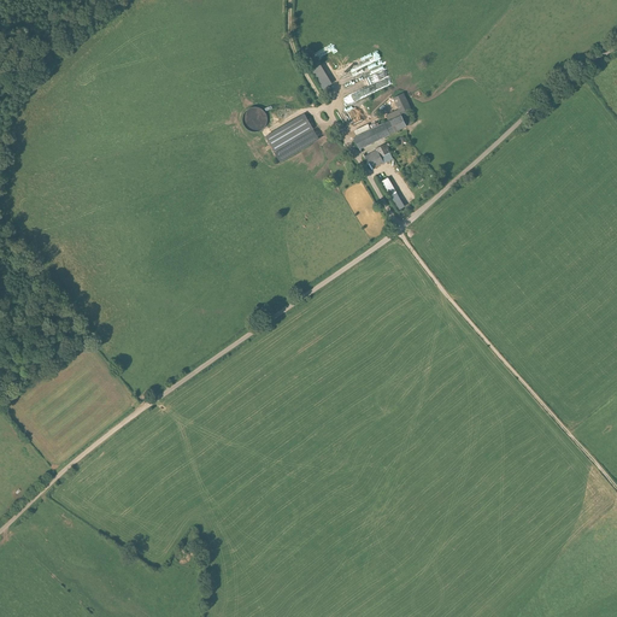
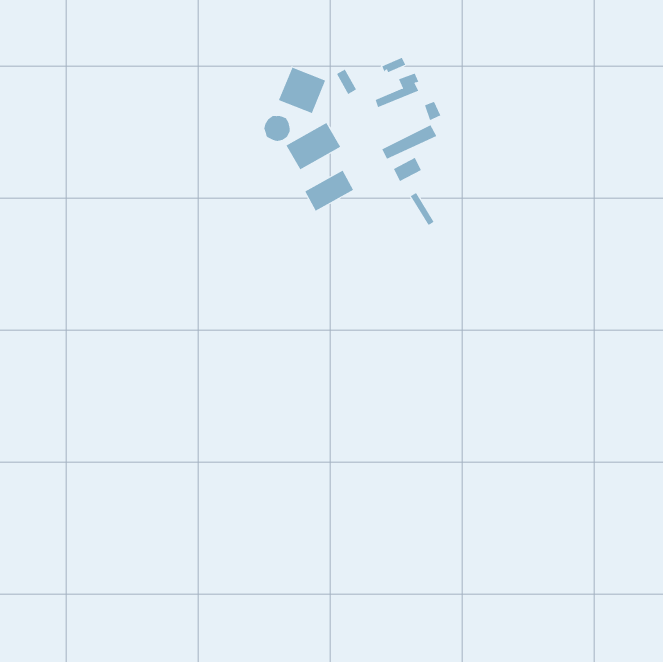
building: none -> [278,67,326,114]
building: none -> [305,170,354,212]

